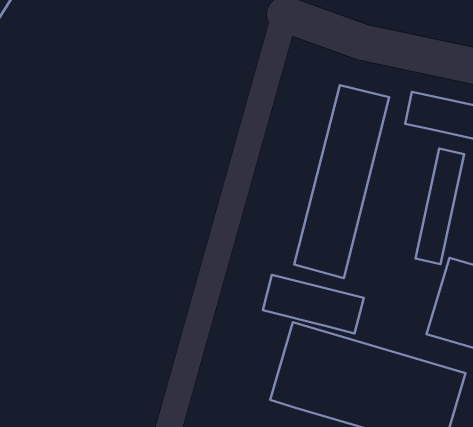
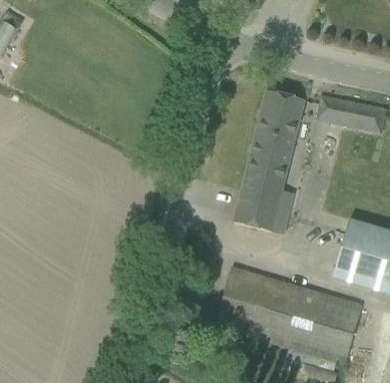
building: [416,149,464,264] -> none
building: [263,275,364,333] -> none

